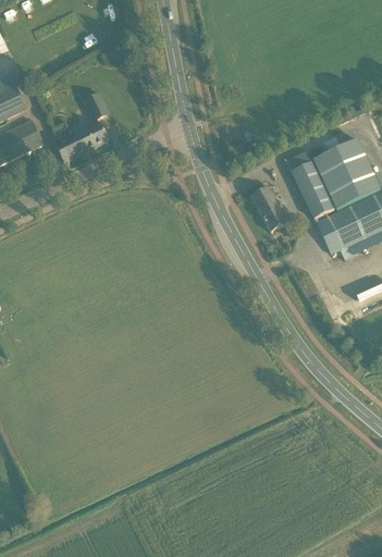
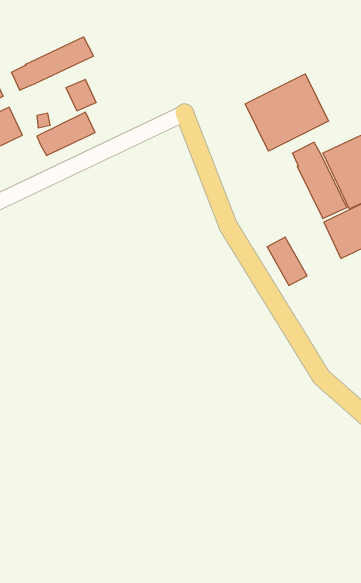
building: none -> [12,37,93,90]
building: none -> [245,74,328,151]
building: [251,188,287,232] -> [267,237,307,285]

